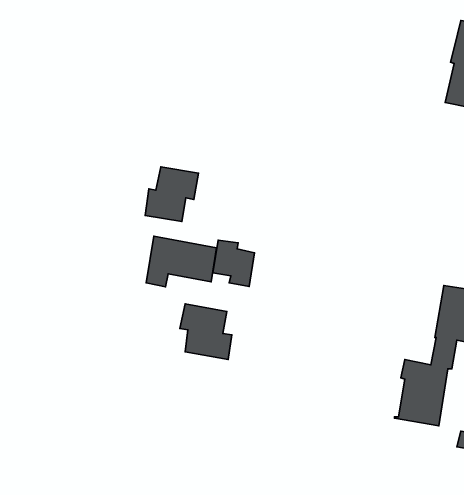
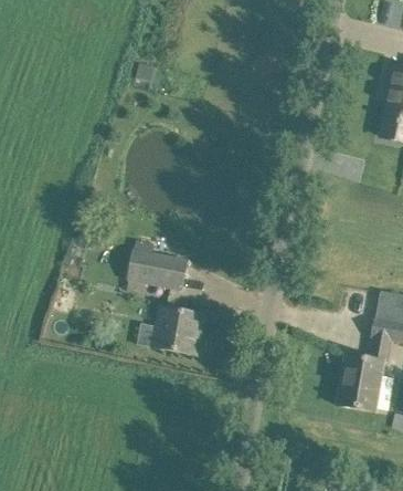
building: [145,167,199,222] -> none
building: [213,240,255,287] -> none

